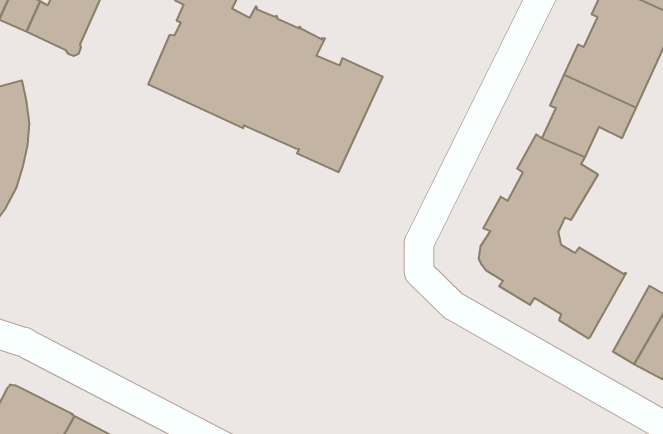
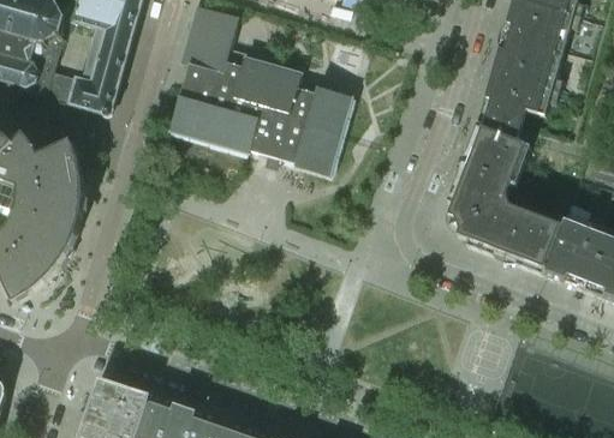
building: none -> [542,216,582,280]

